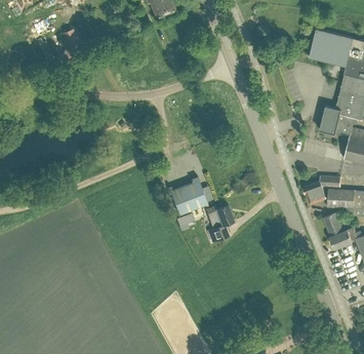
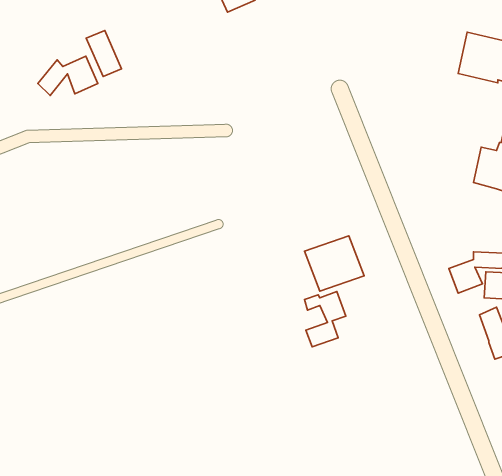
building: none -> [38,56,98,95]
building: [167,178,207,214] -> [304,236,364,291]

